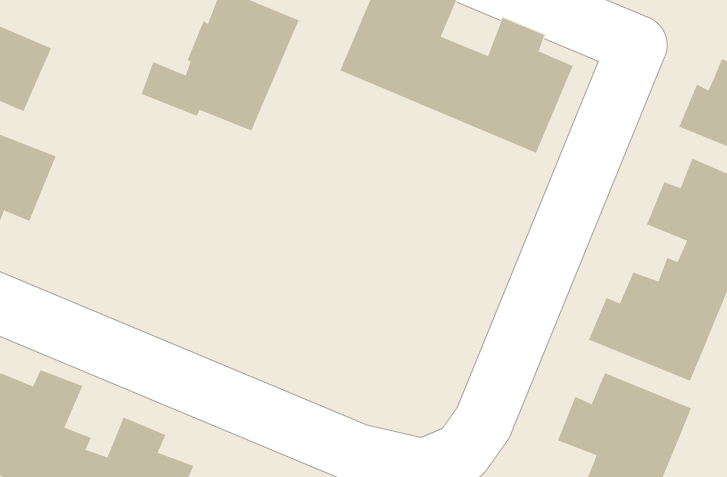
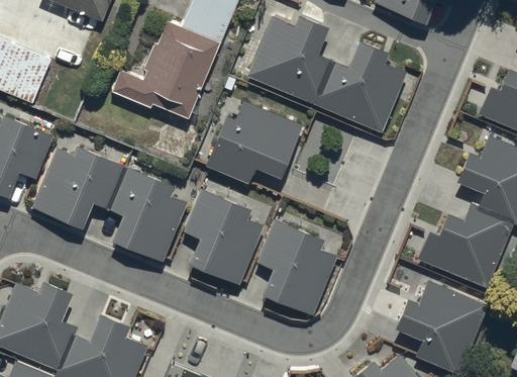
building: none -> [206,101,302,184]
building: none -> [32,146,188,262]
building: none -> [183,189,264,285]
building: none -> [257,220,337,315]

